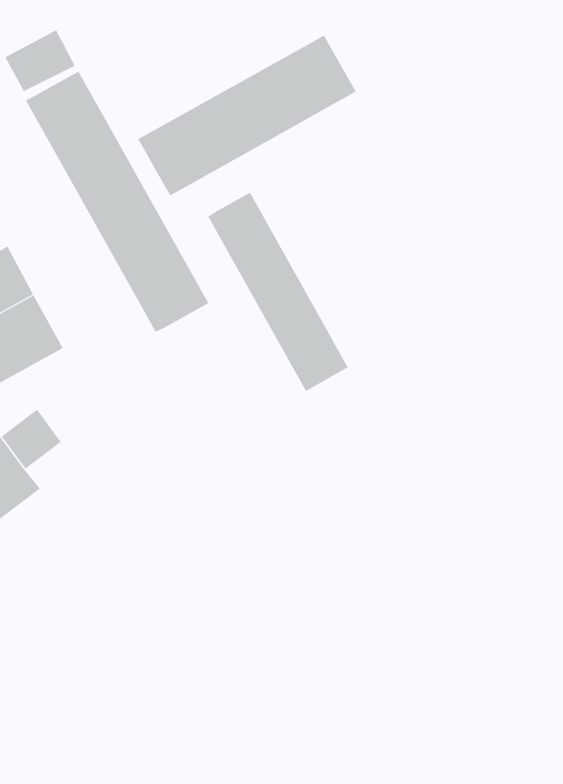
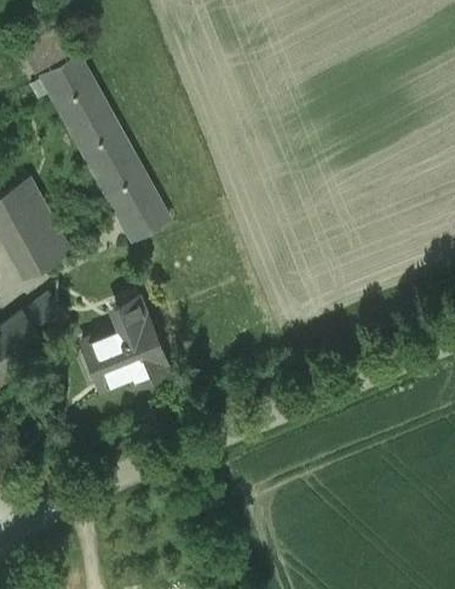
building: [138,35,357,196] -> none
building: [207,192,349,392] -> none
building: none -> [81,298,166,385]

